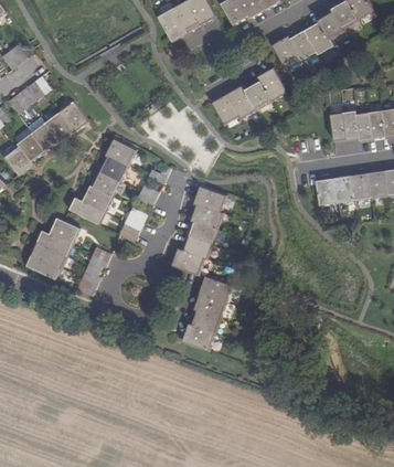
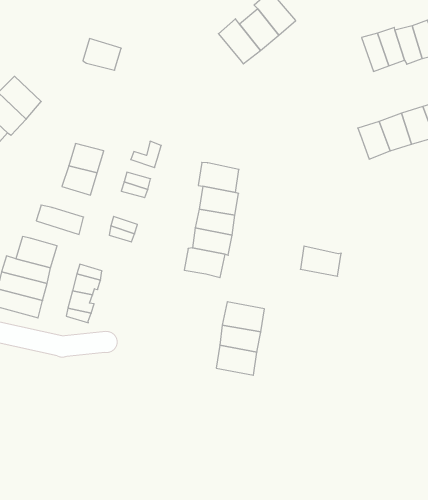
building: [212,93,241,125] -> none
building: [106,138,136,164] -> [83,39,121,70]
building: [83,184,113,211] -> none
building: [200,275,232,301] -> [300,246,341,276]

